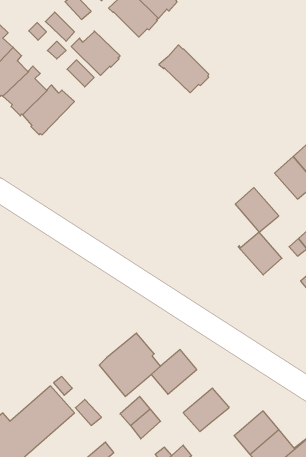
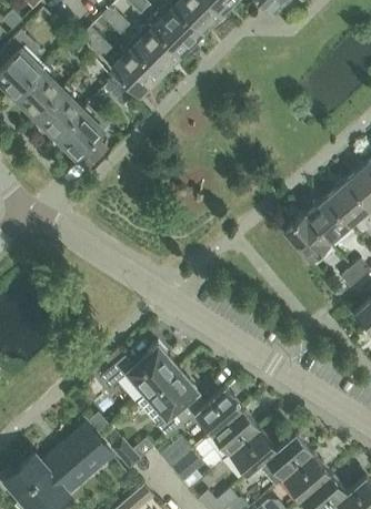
building: [159,45,209,93] -> [127,22,180,73]
building: [238,232,282,275] -> [303,198,350,244]
building: none -> [102,345,178,396]
building: none -> [211,408,259,455]
building: none -> [258,431,313,486]

